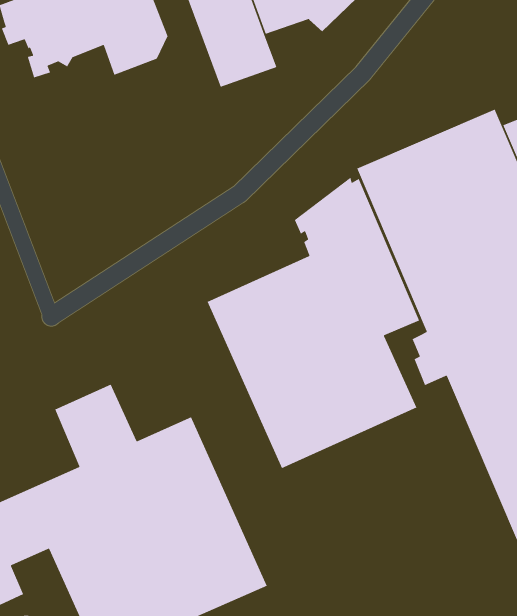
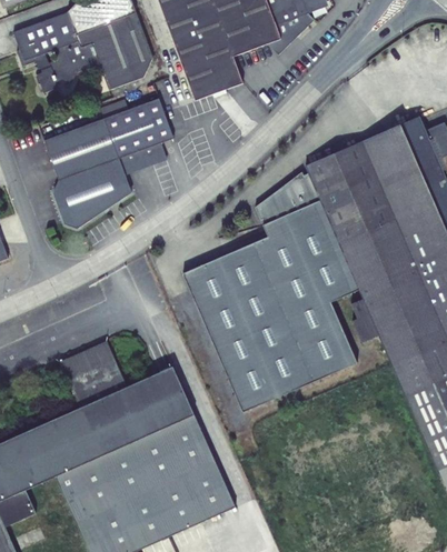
building: none -> [43,98,172,229]

